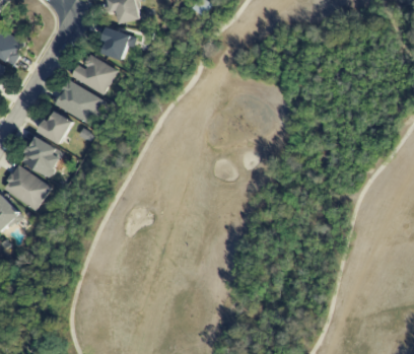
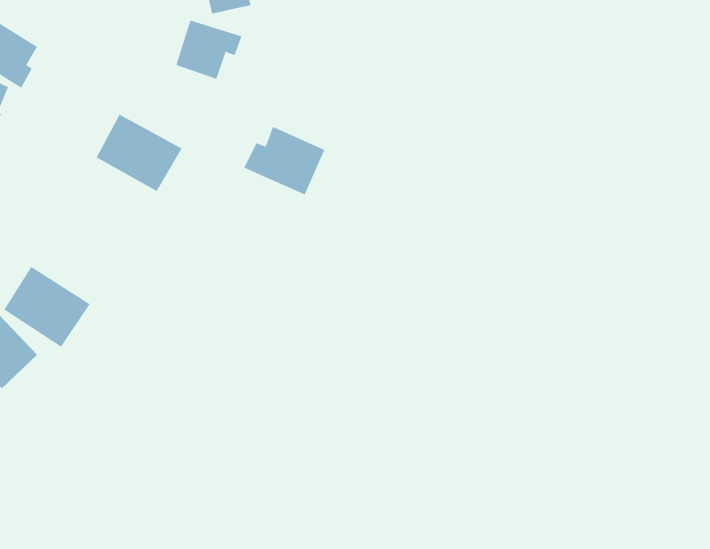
building: [70,55,116,93] -> [244,126,325,195]
building: [37,112,73,145] -> none
building: [20,136,61,178] -> none

